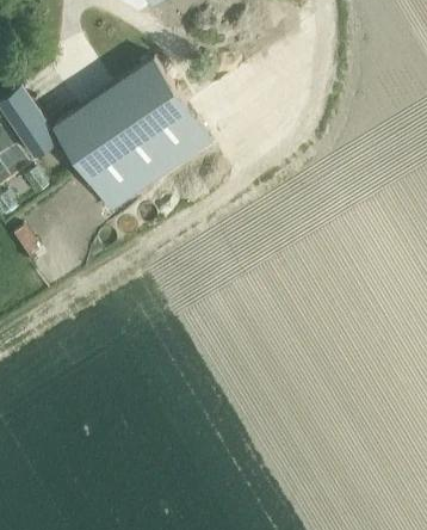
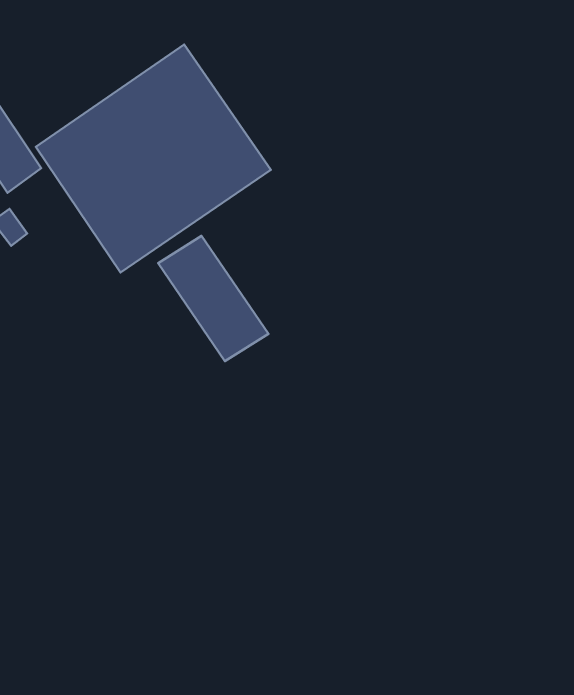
building: none -> [158,236,268,361]

